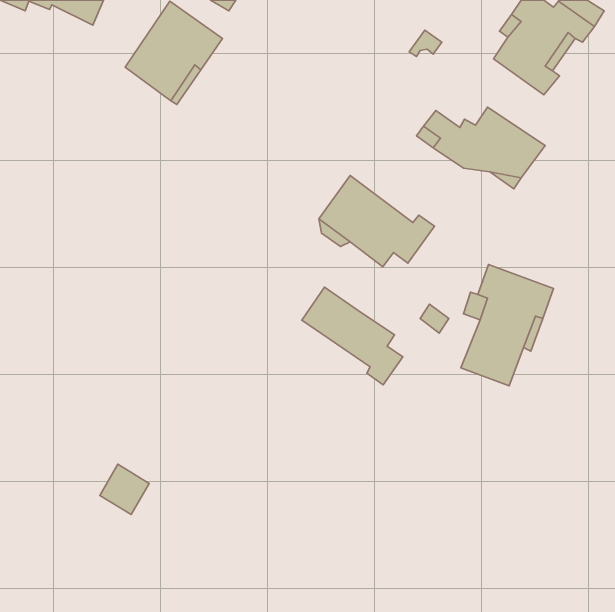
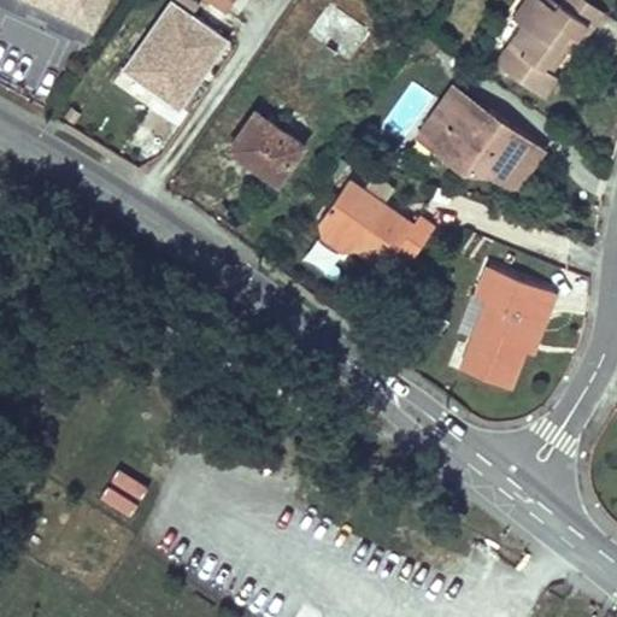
building: none -> [436,87,488,130]
building: none -> [229,114,300,182]
building: [302,287,403,385] -> none

